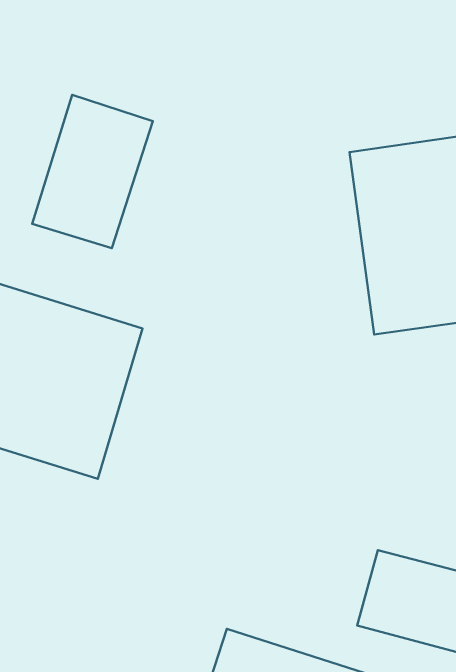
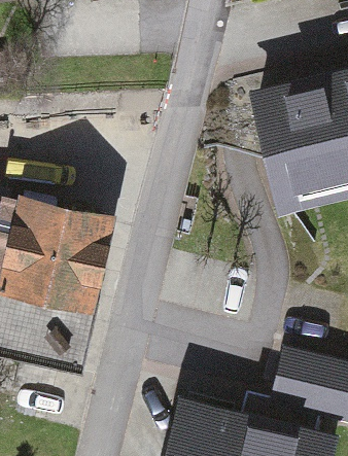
building: [32,95,153,248] -> none

